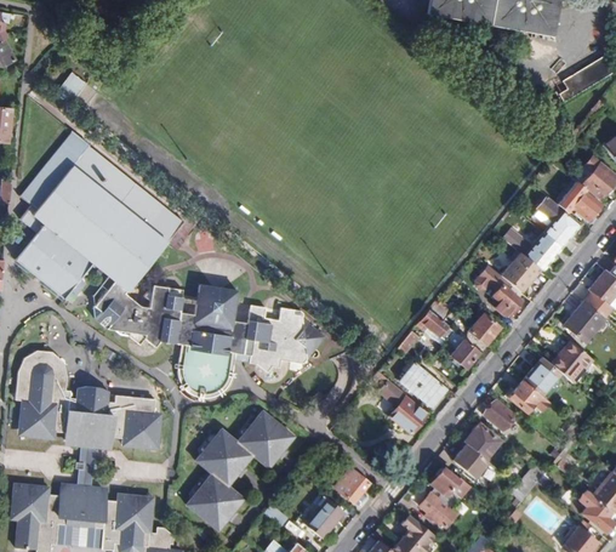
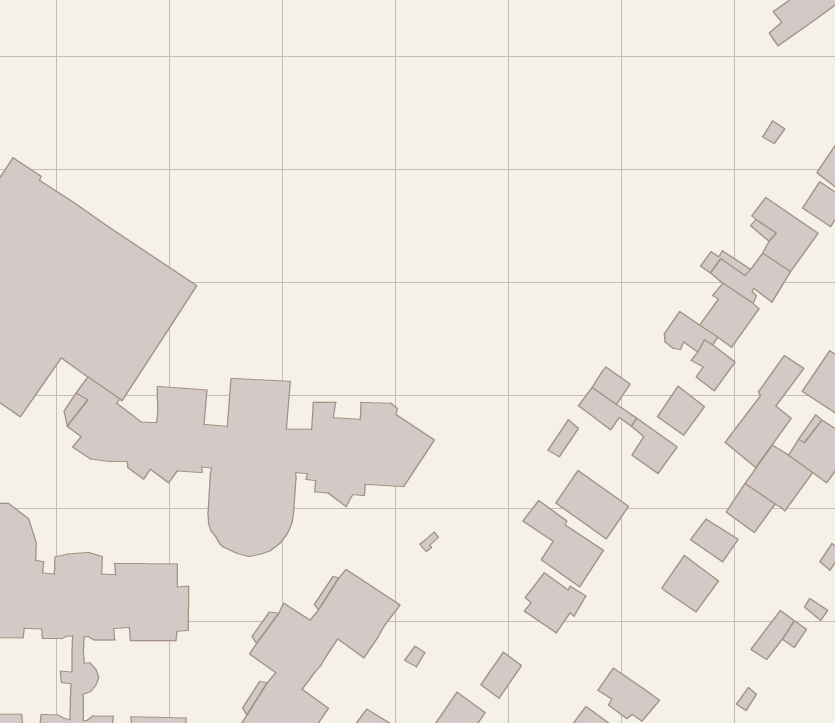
building: none -> [725,356,804,467]
building: [456,443,489,477] -> none
building: [428,466,468,505] -> [524,573,586,633]

